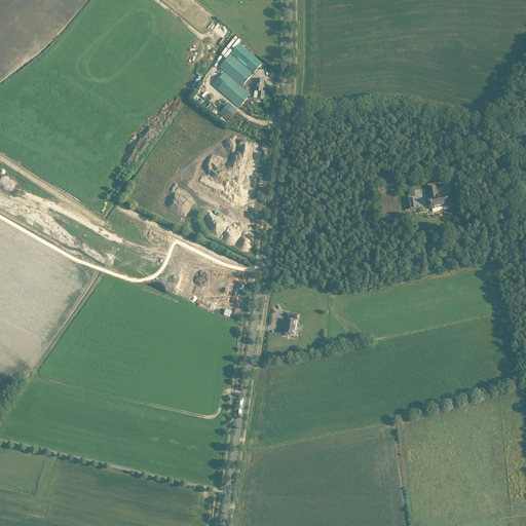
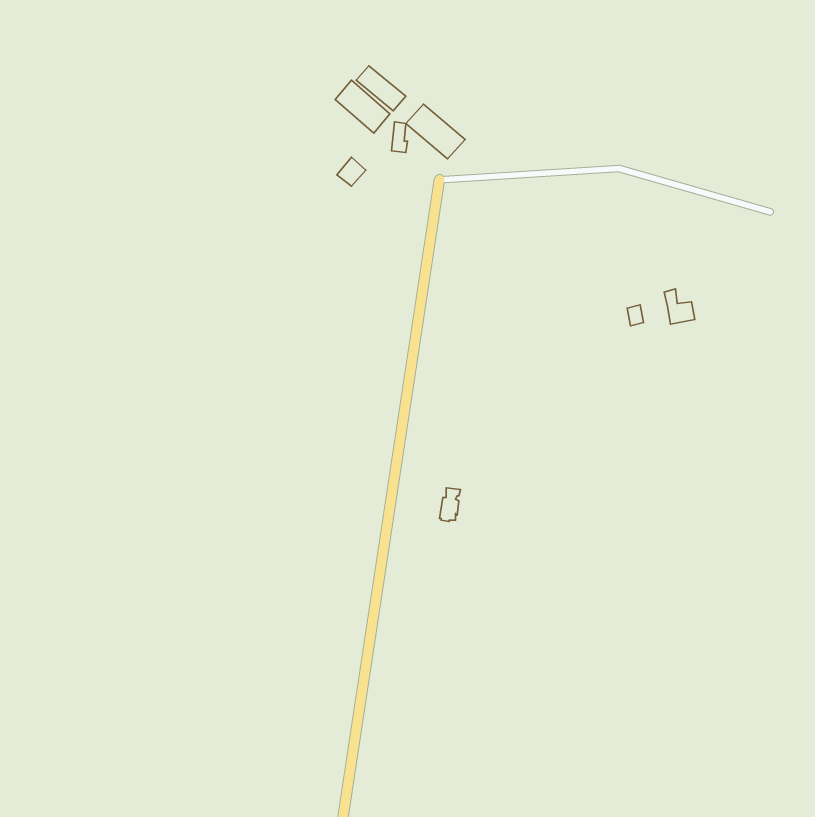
building: [210,71,248,106] -> [406,104,465,159]

